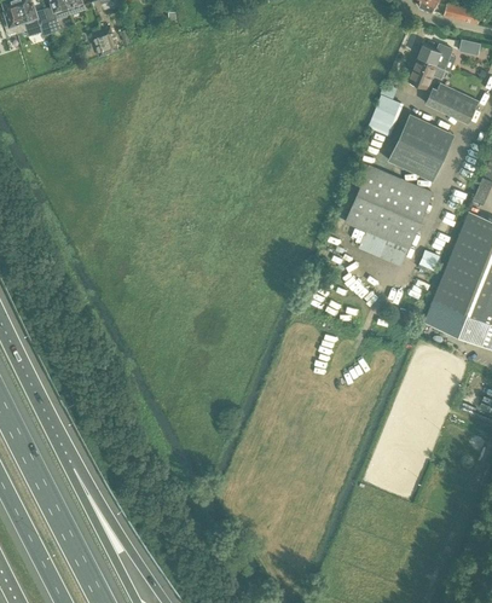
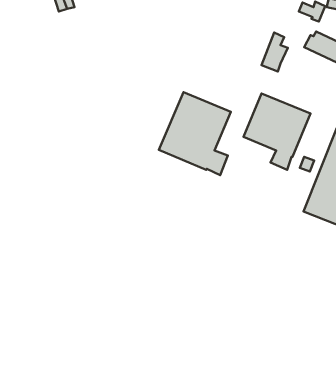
building: [407,57,445,89] -> none
building: [387,114,453,182] -> none
building: none -> [159,92,231,175]

